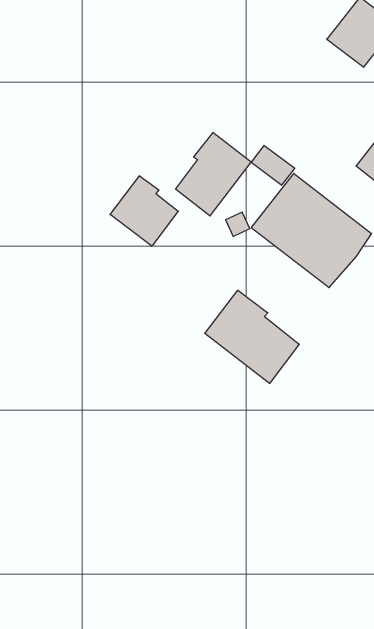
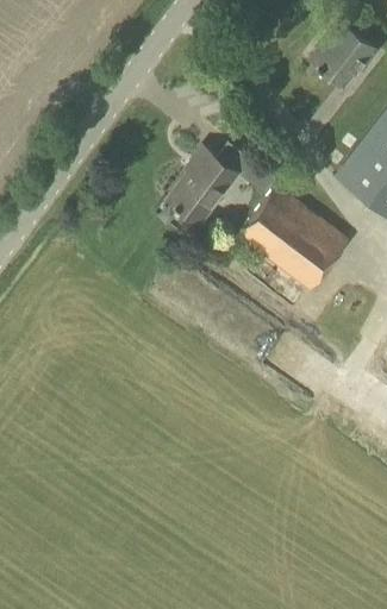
building: [110,176,178,246] -> none
building: [205,290,299,383] -> none

